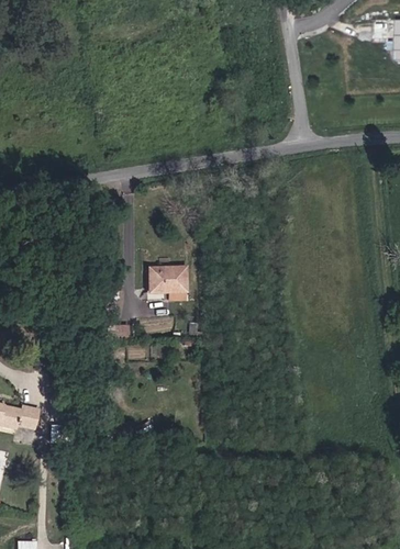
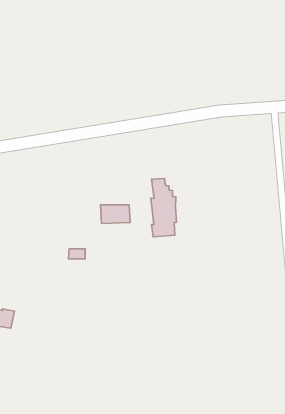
building: none -> [151,178,176,237]

